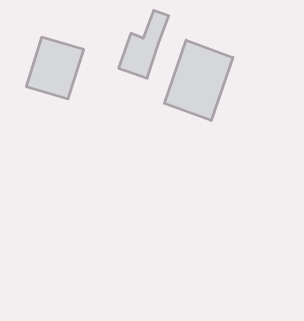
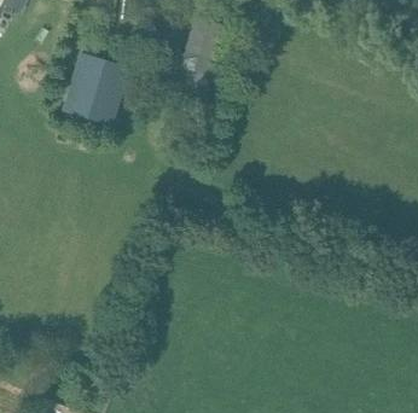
building: [164,40,233,121] -> none

